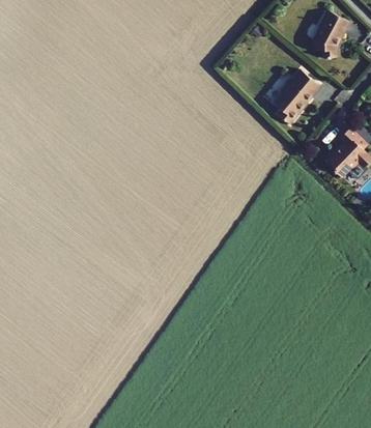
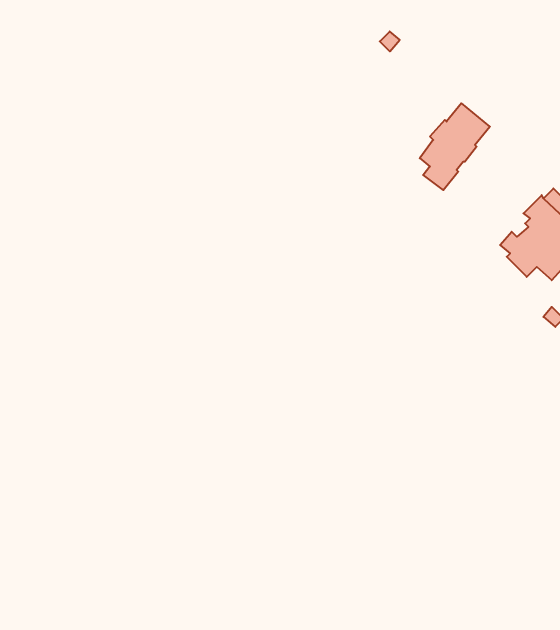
building: [314,10,349,57] -> none

